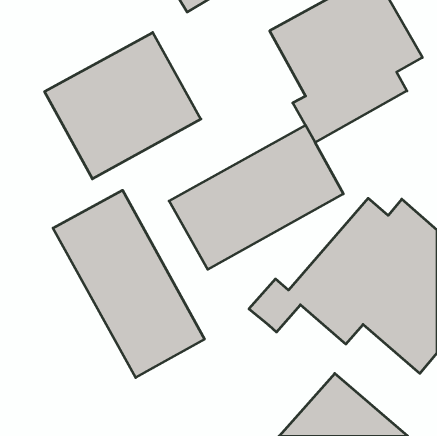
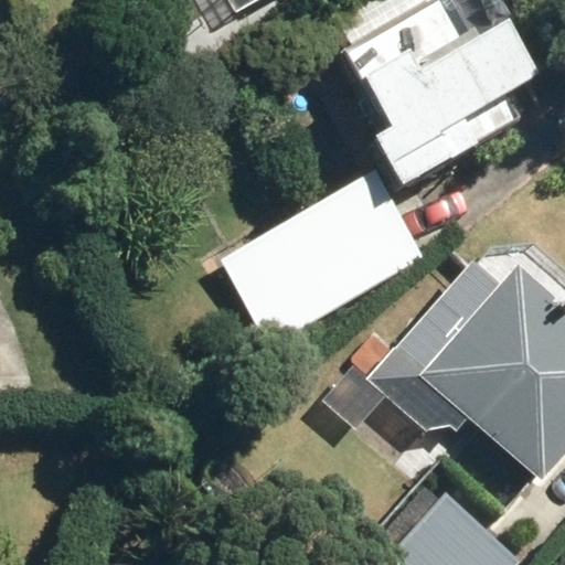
building: [45,32,201,179] -> none
building: [53,190,204,378] -> none

